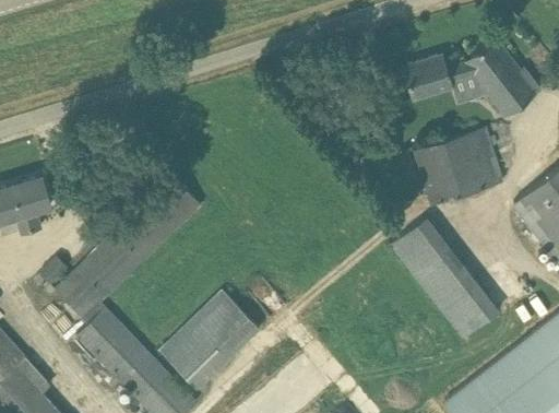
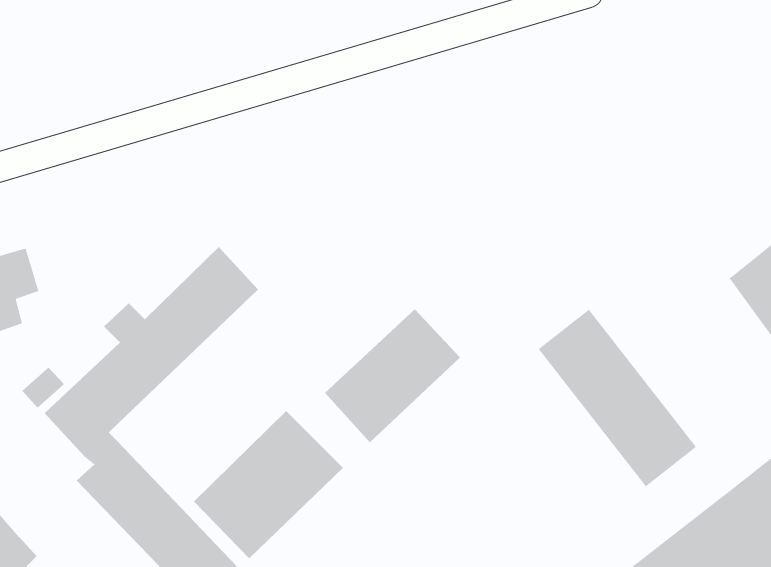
building: [403,40,542,119] -> none
building: [411,129,501,208] -> none
building: none -> [324,308,461,443]

